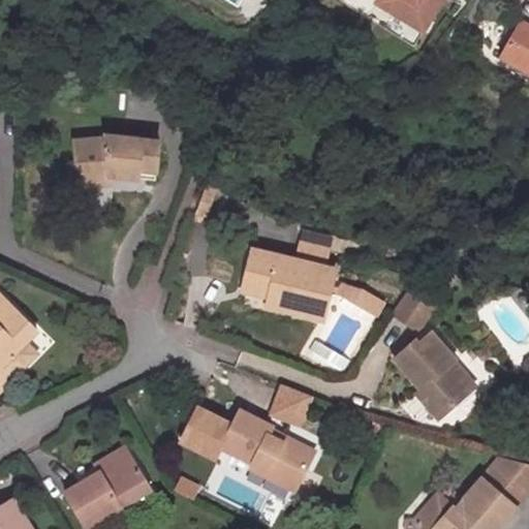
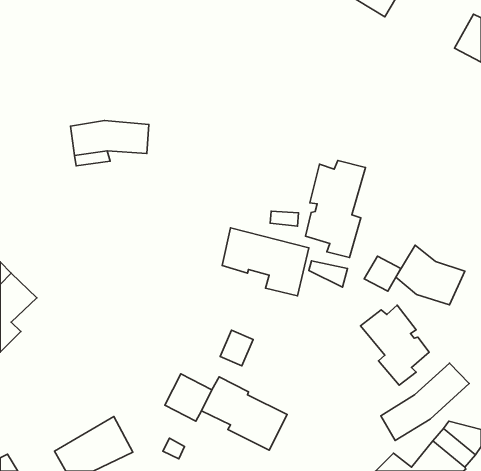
building: none -> [305,161,366,257]
building: none -> [396,245,465,305]
building: [276,385,312,425] -> [220,330,253,366]
building: none -> [381,363,469,440]

